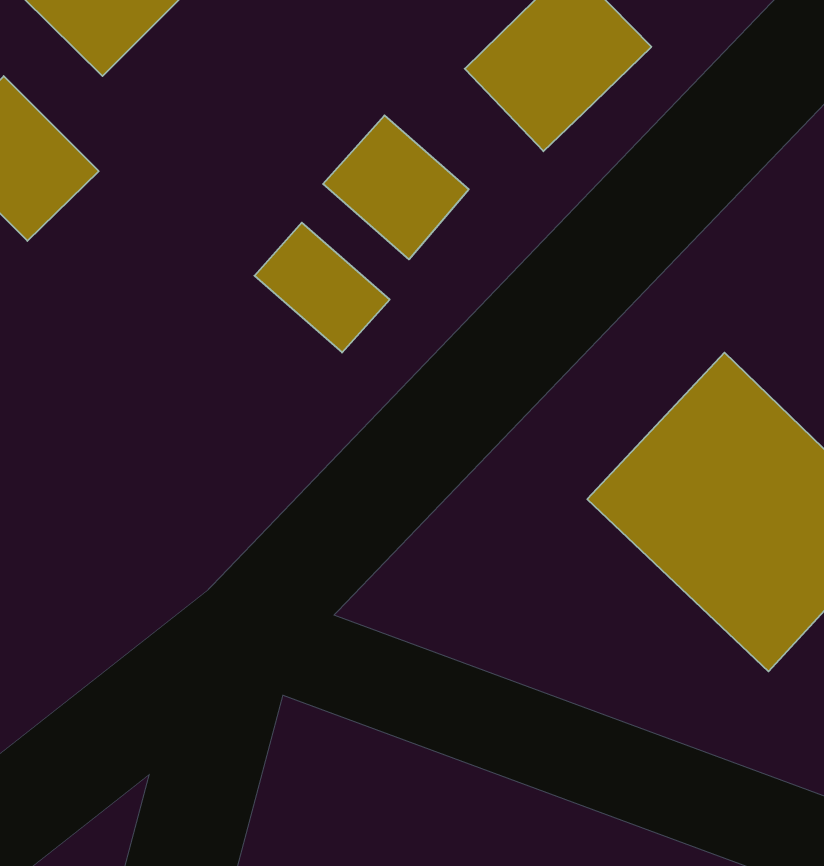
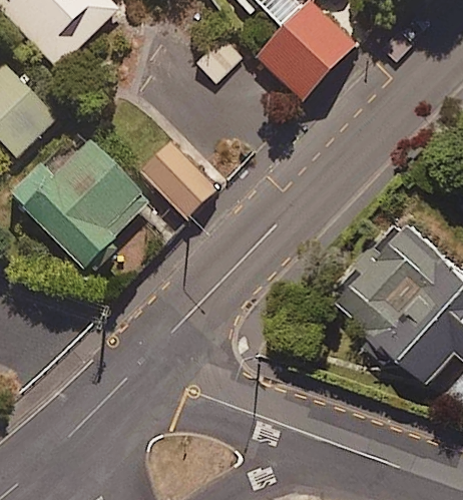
building: [323,115,469,259] -> none
building: none -> [6,138,149,274]

